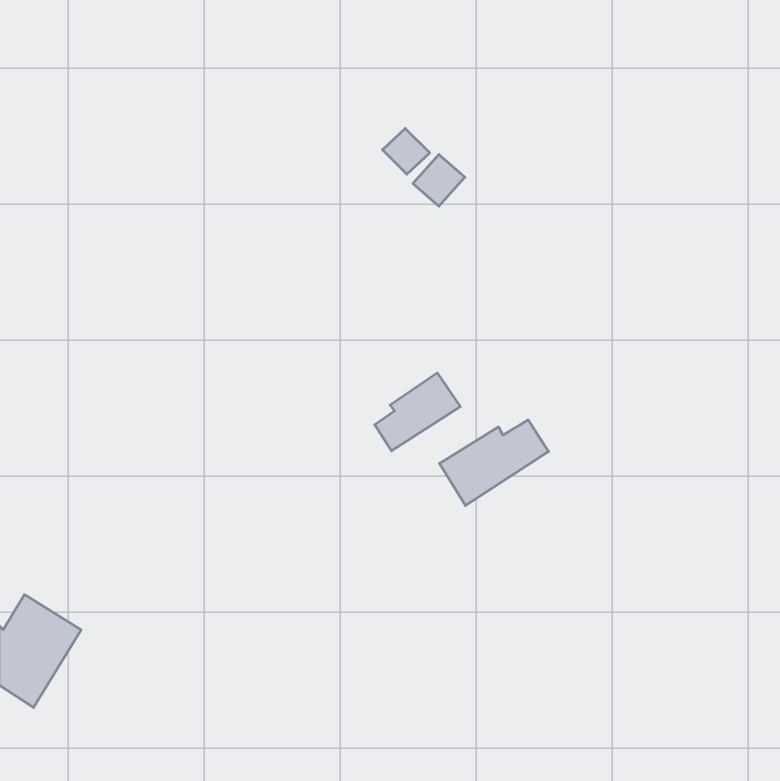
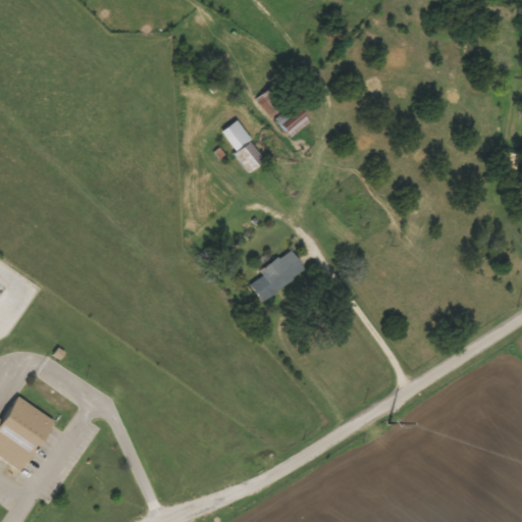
building: none -> [217,118,266,172]
building: [439,420,549,506] -> none

